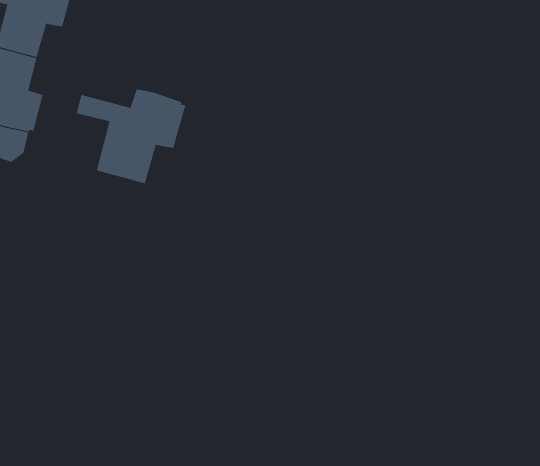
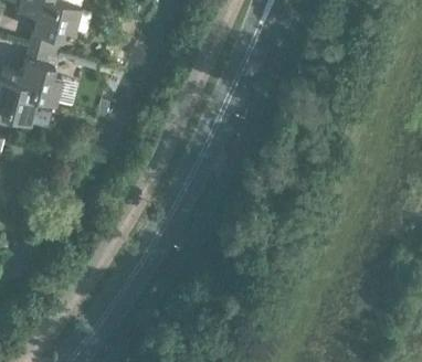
building: [76,88,186,184] -> none

